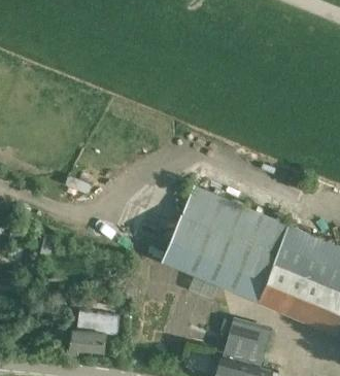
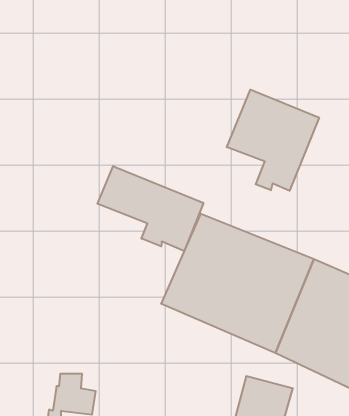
building: none -> [227,90,319,191]
building: none -> [98,166,203,251]

